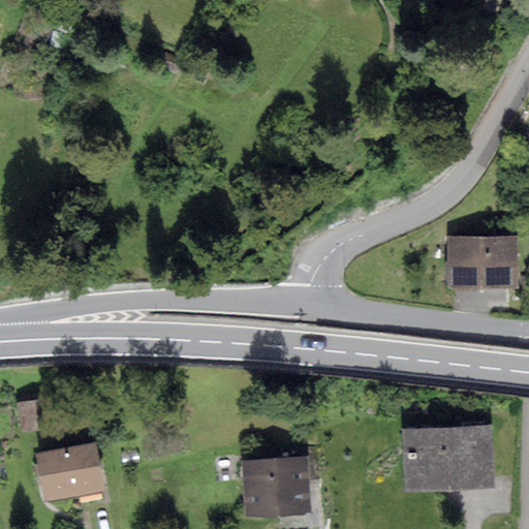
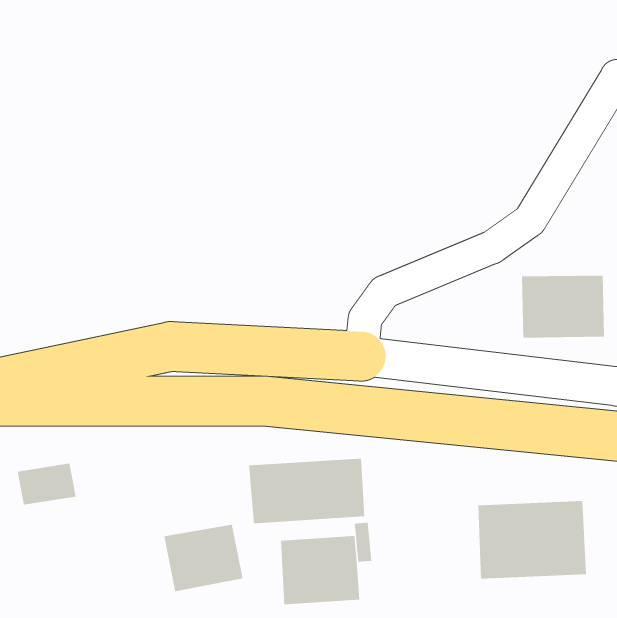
building: none -> [249,458,365,524]
building: [34,442,102,500] -> [164,524,244,592]

